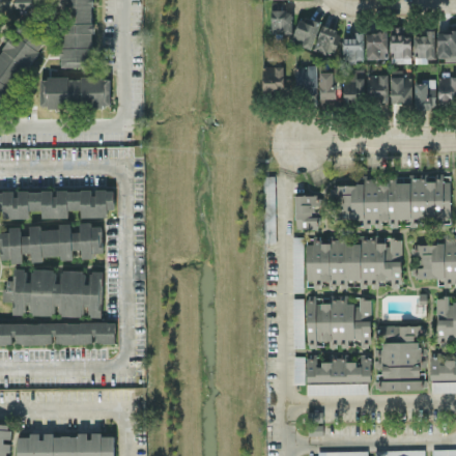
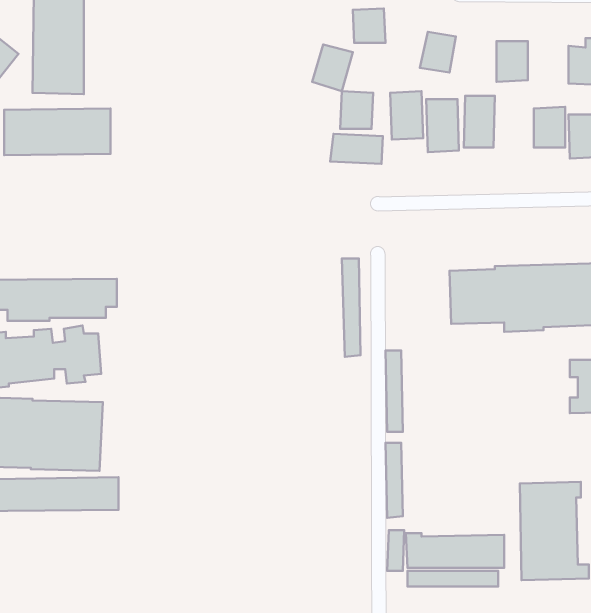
building: [292,20,319,51] -> [312,44,353,91]
building: [390,28,410,61] -> none
building: [343,33,364,61] -> none
building: [368,75,389,103] -> none
building: none -> [330,134,383,164]
building: [294,196,317,230] -> none
building: [306,238,401,287] -> none
building: [307,298,371,349] -> none

